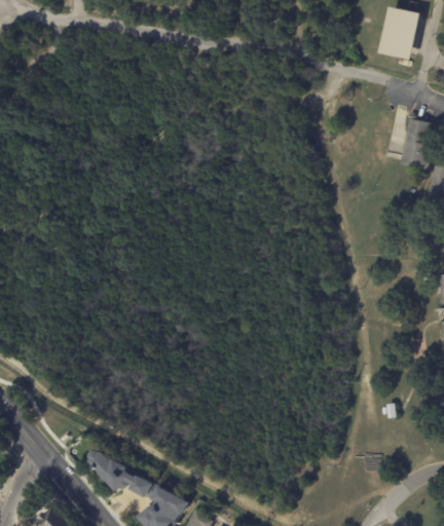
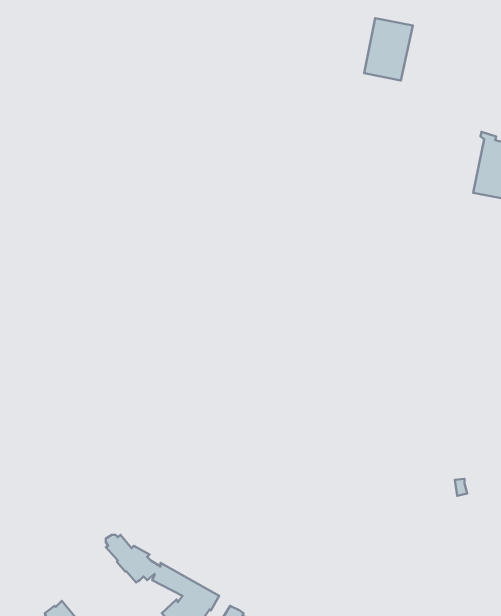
building: [377,6,418,59] -> [364,18,413,81]

